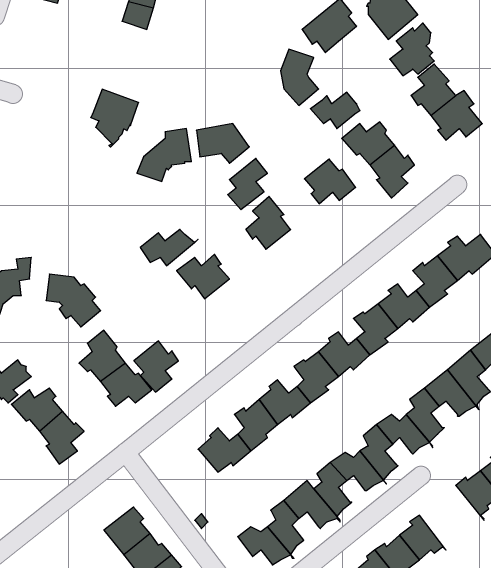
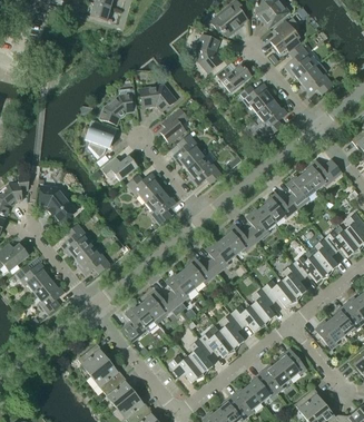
building: [91,89,139,147] -> [85,119,117,158]
building: [304,159,356,204] -> [187,155,222,185]
building: [134,341,178,392] -> [146,188,176,223]
building: none -> [121,303,158,341]

